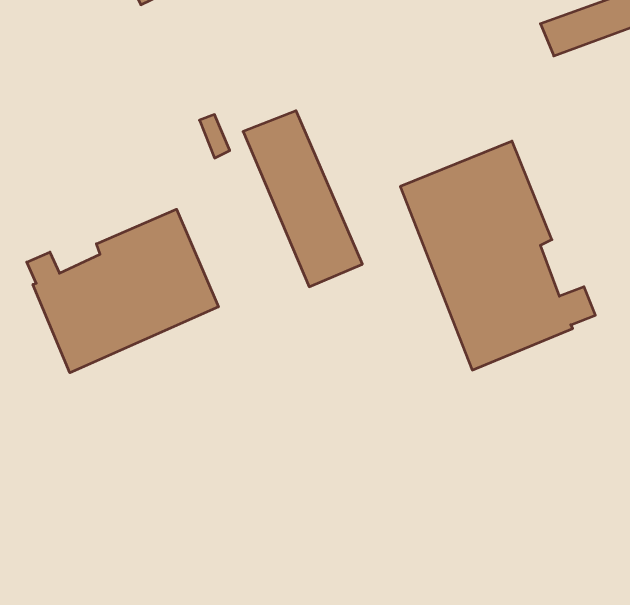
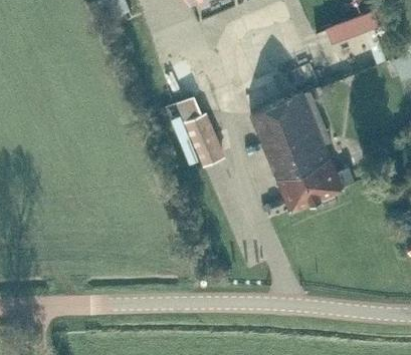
building: [27,209,218,373] -> none

